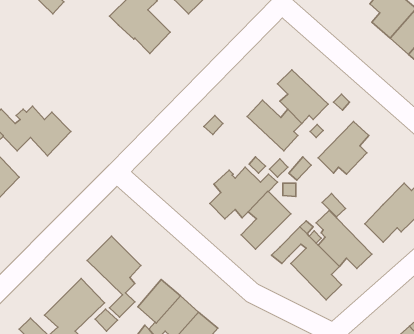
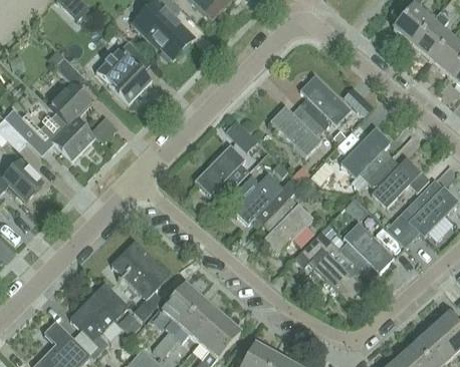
building: none -> [98,40,152,102]
building: none -> [49,56,92,124]
building: none -> [195,144,248,195]
building: none -> [369,156,430,208]

